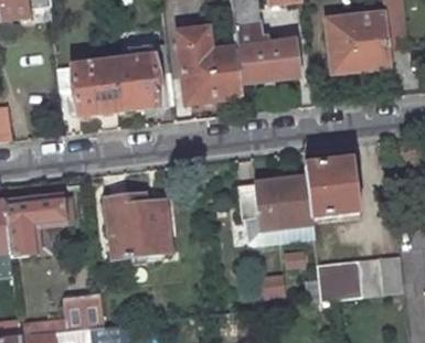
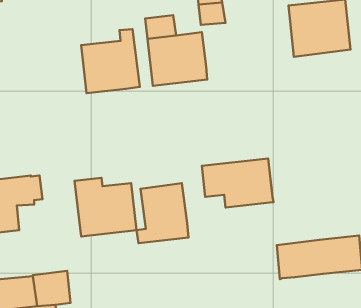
building: [238,41,299,83] -> none
building: [60,61,119,117] -> none
building: [306,160,360,217] -> none
building: none -> [137,183,188,243]

